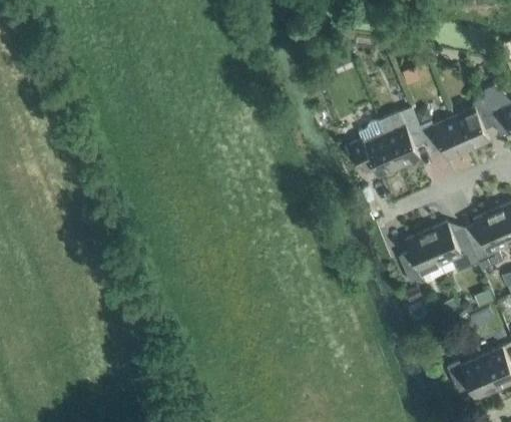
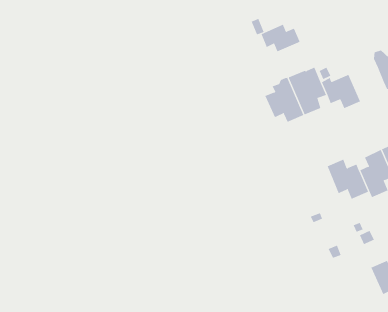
building: none -> [261,24,305,52]
building: [457,97,499,150] -> none
building: [402,231,444,283] -> none
building: [450,356,499,399] -> none

